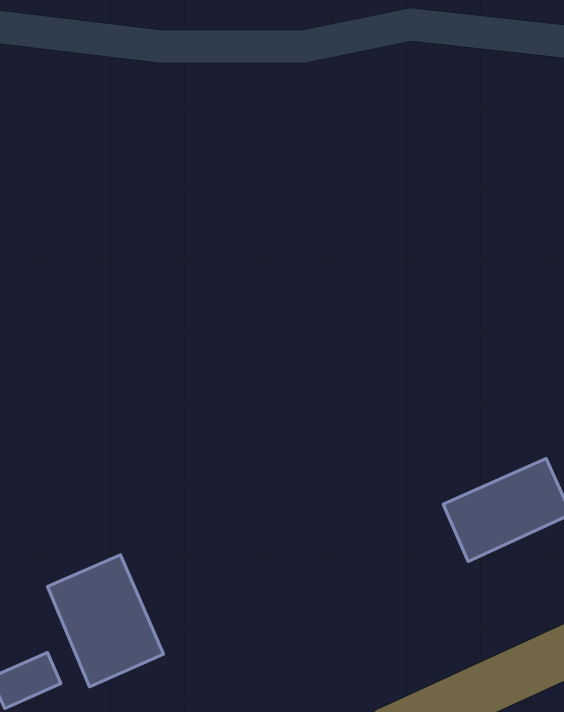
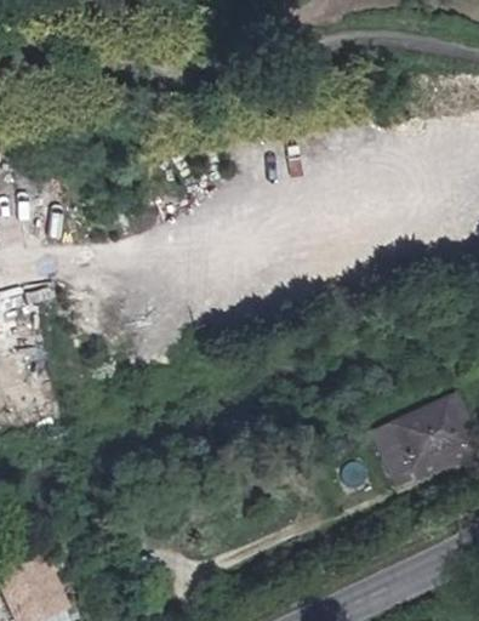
building: [48,555,164,687] -> none

